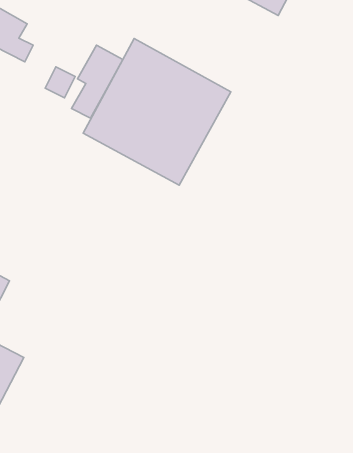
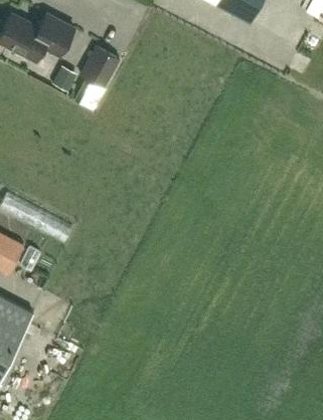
building: none -> [32,15,75,57]
building: [83,39,231,185] -> none

